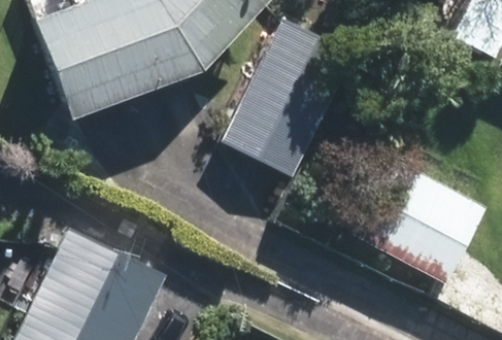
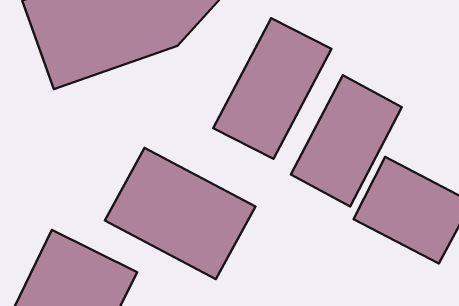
building: none -> [291,75,402,207]
building: none -> [105,148,255,279]

